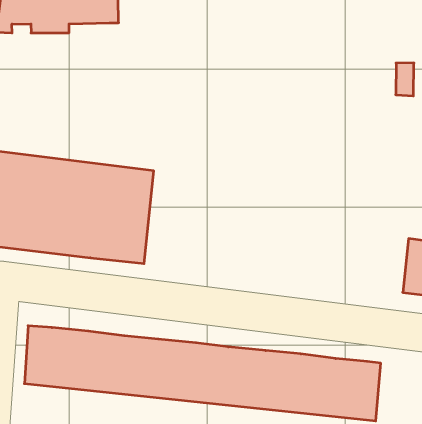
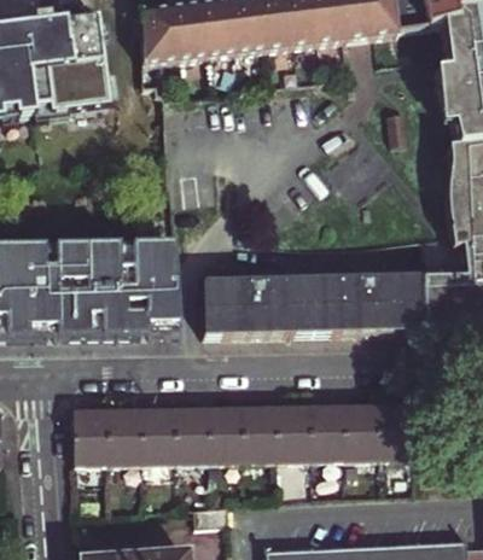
building: none -> [202,280,423,337]

